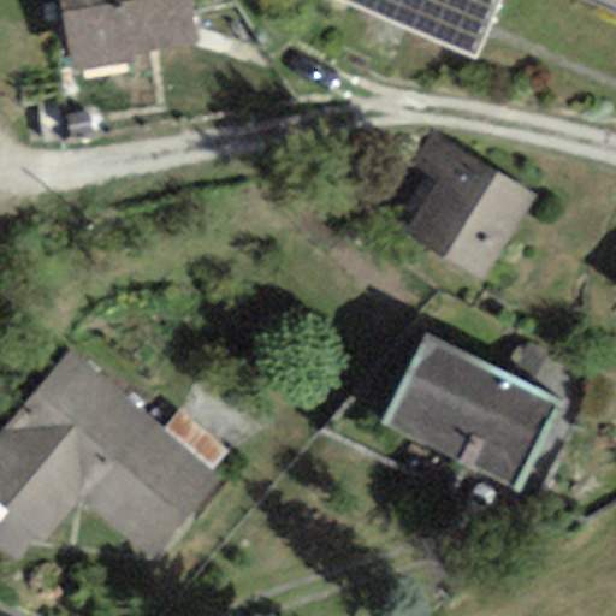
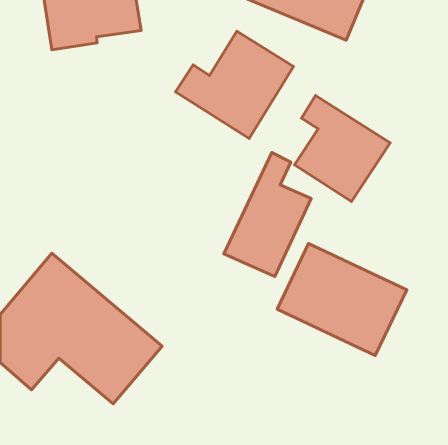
building: none -> [175,31,294,139]
building: none -> [224,153,311,276]

